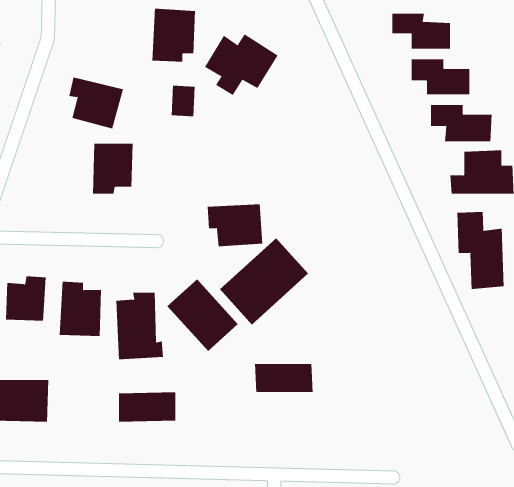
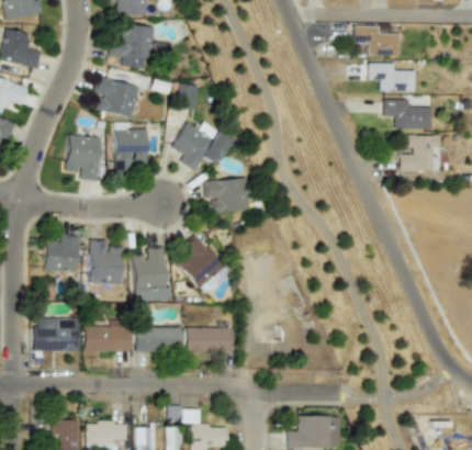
building: [152,8,196,62] -> [117,24,153,67]
building: [204,34,279,96] -> [171,121,231,170]
building: none -> [66,135,100,179]
building: [457,211,504,290] -> none
building: [219,237,309,325] -> none
building: [254,364,314,393] -> [186,327,233,350]
building: none -> [85,319,131,350]

